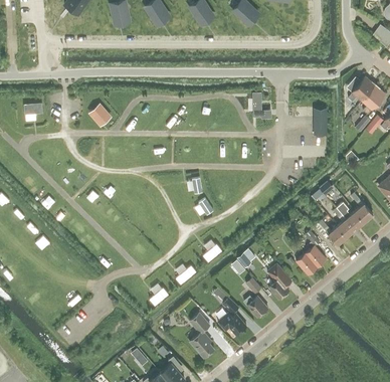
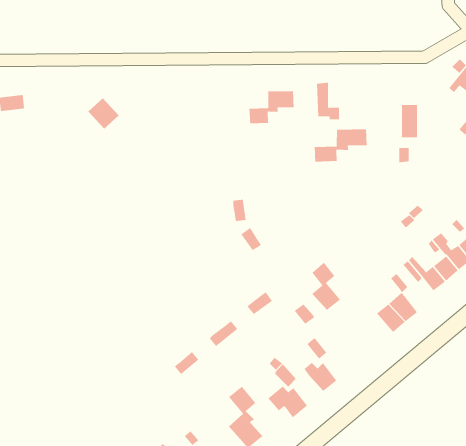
building: none -> [249,91,294,124]
building: none -> [314,129,367,162]
building: [267,263,288,299] -> [312,262,341,311]

